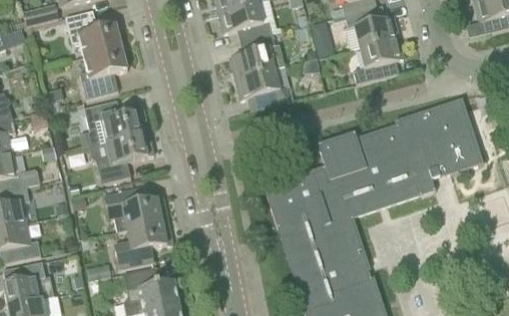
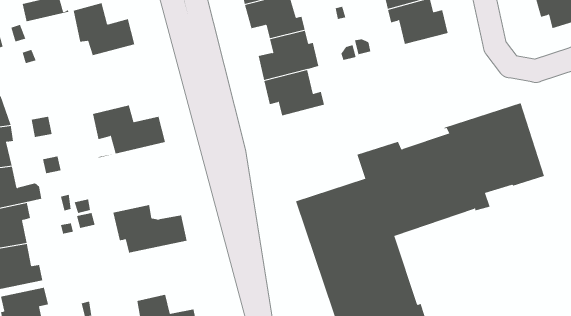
building: [353,36,403,83] -> none
building: [80,46,127,98] -> none
building: [88,132,153,183] -> none
building: [111,220,172,270] -> none

